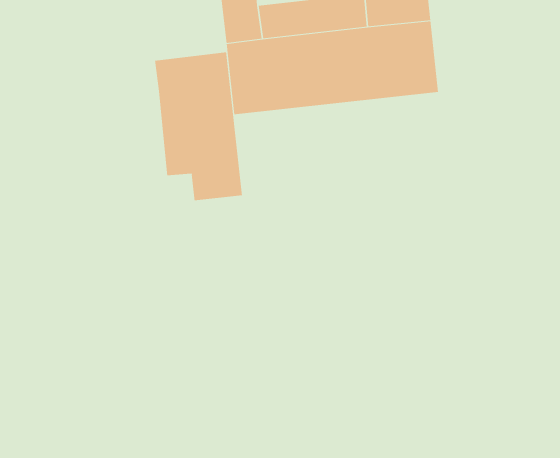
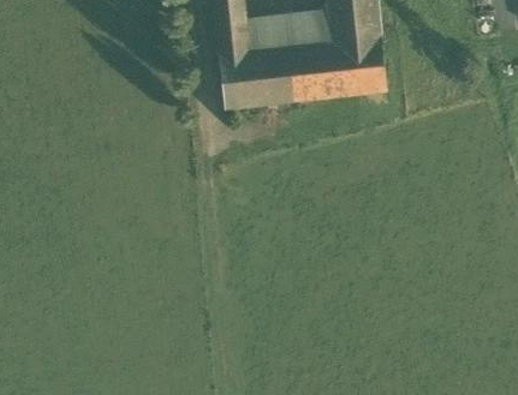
building: [154,52,243,201] -> none

